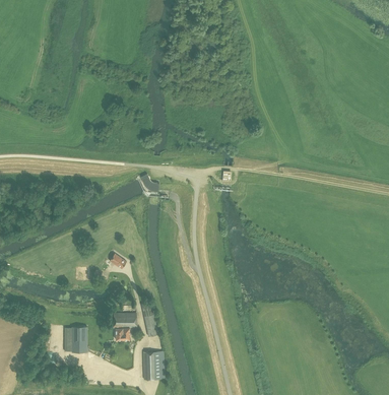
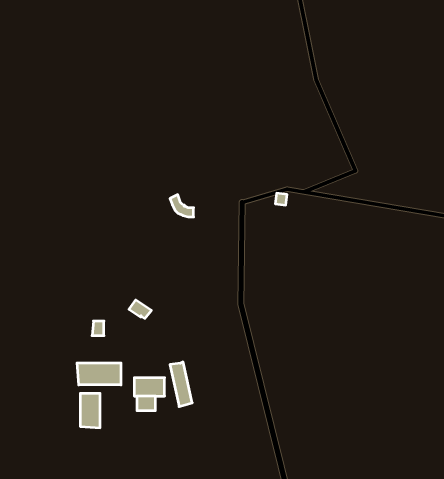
building: none -> [77,363,121,385]
building: [142,351,165,380] -> none

